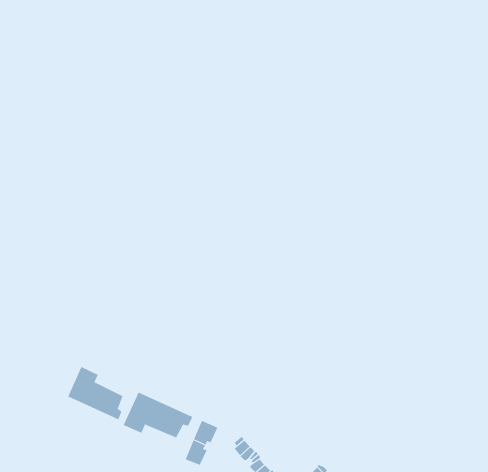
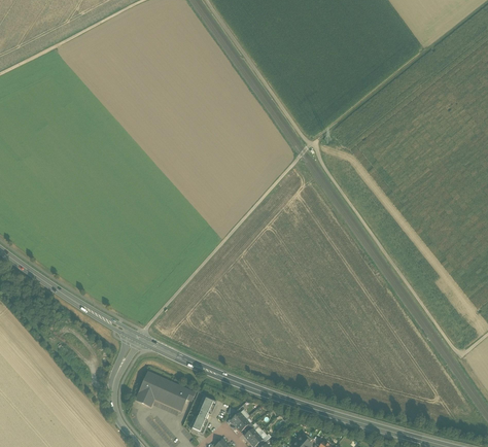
building: [67,366,123,420] -> none

